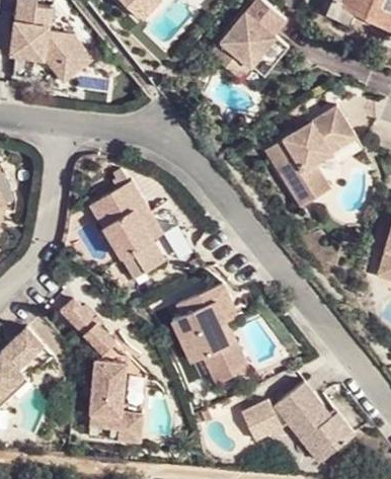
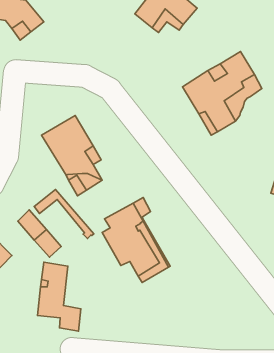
building: none -> [34,189,94,239]
building: [239,384,355,464] -> none

